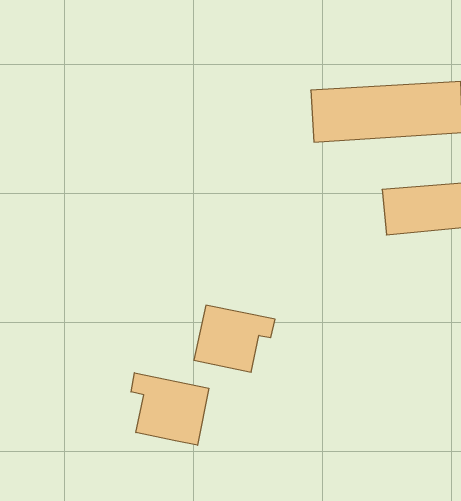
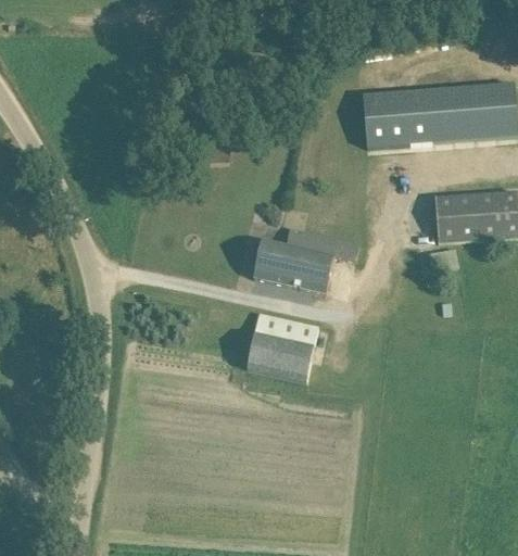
building: none -> [253,225,361,291]
building: [131,373,209,445] -> none

